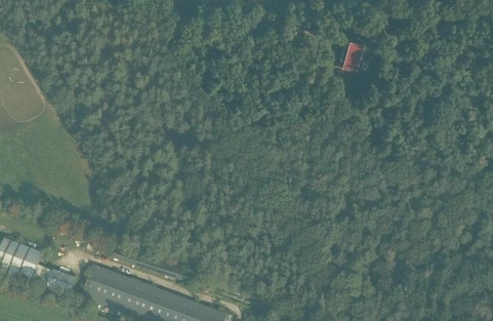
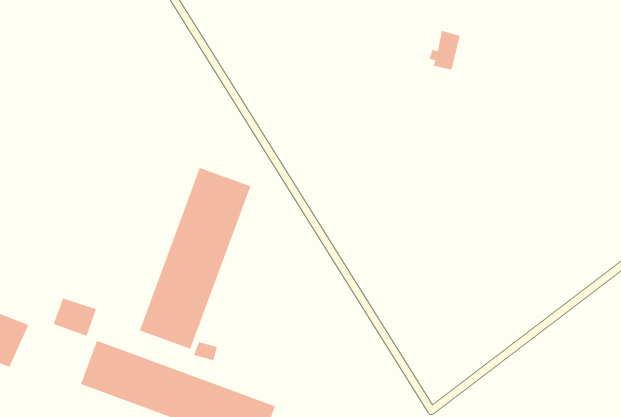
building: none -> [139,167,251,350]
building: [43,267,76,295] -> [53,298,97,337]

